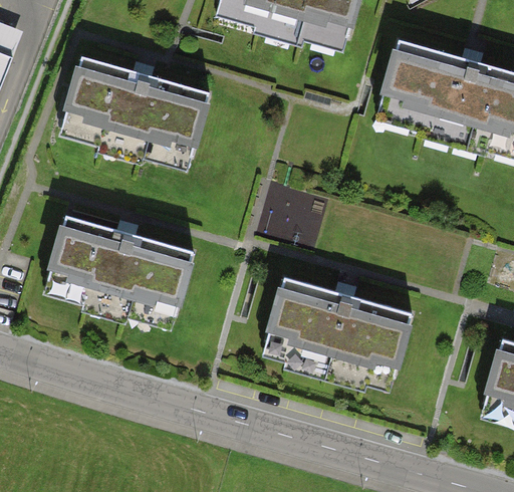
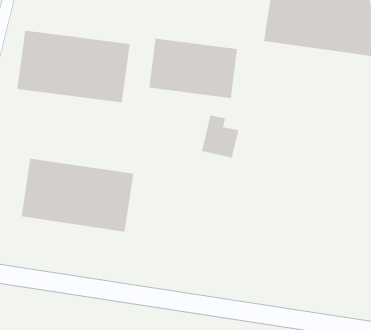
building: none -> [149,38,238,99]
building: [261,277,414,387] -> none

